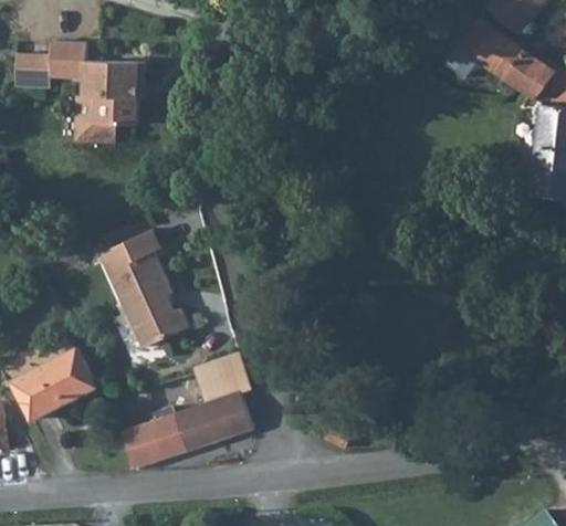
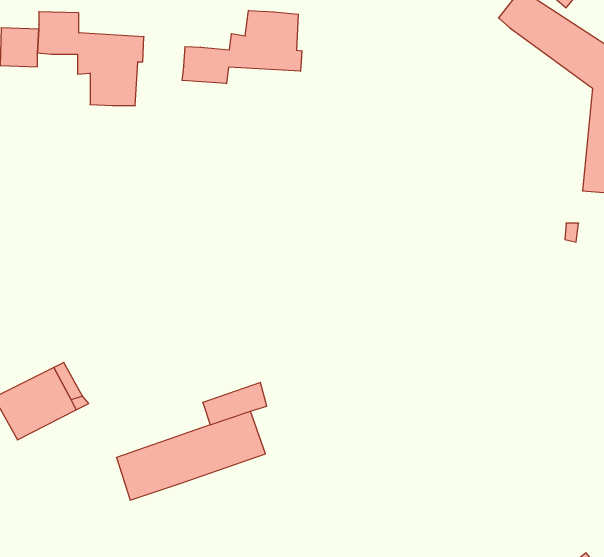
building: none -> [182,10,302,84]
building: [77,93,118,140] -> none
building: [96,231,188,349] -> none

